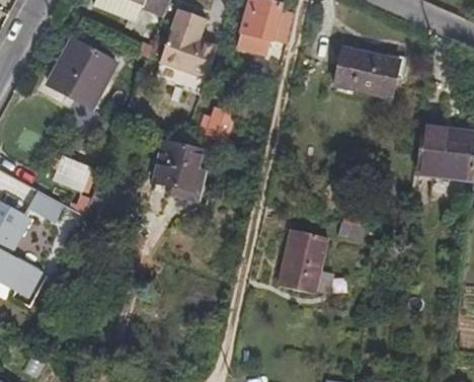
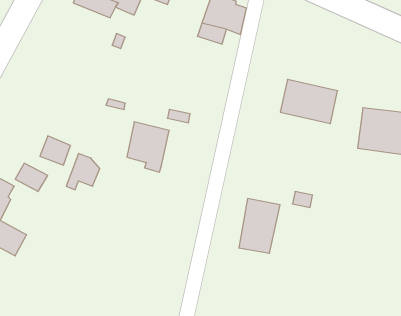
building: [159,9,217,78] -> none
building: [47,40,114,107] -> none
building: [336,46,402,96] -> [280,79,338,124]

